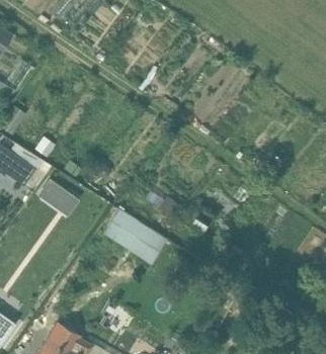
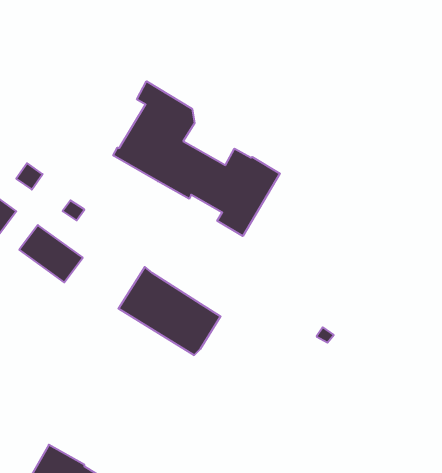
building: none -> [113,81,280,236]

